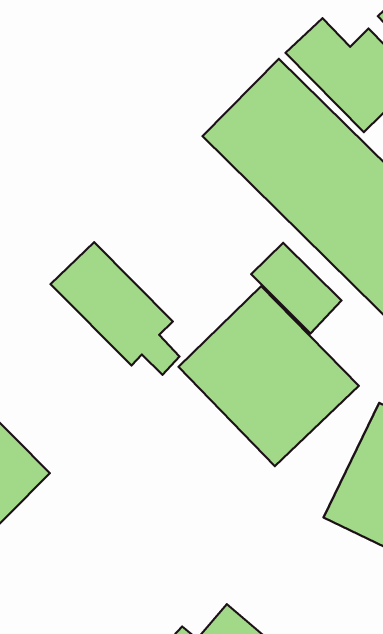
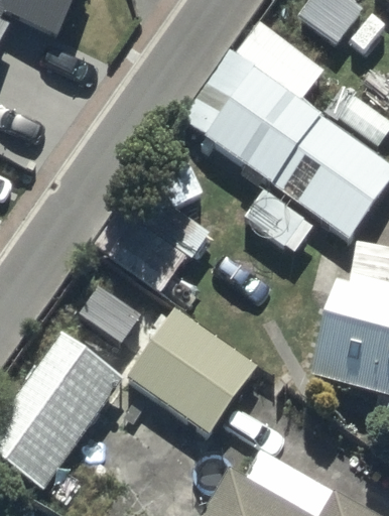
building: [179,286,359,466] -> [127,307,258,434]

